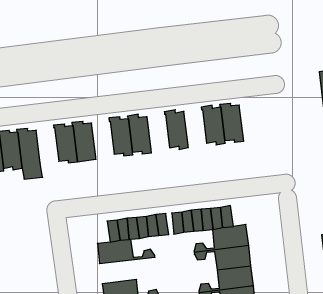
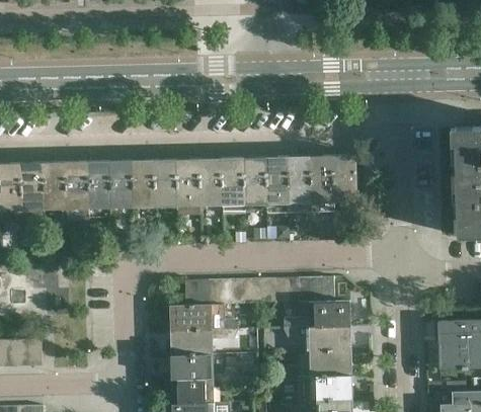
building: none -> [288,157,312,203]
building: none -> [243,158,267,204]
building: none -> [176,159,201,207]
building: none -> [109,161,134,208]
building: none -> [170,330,237,355]

